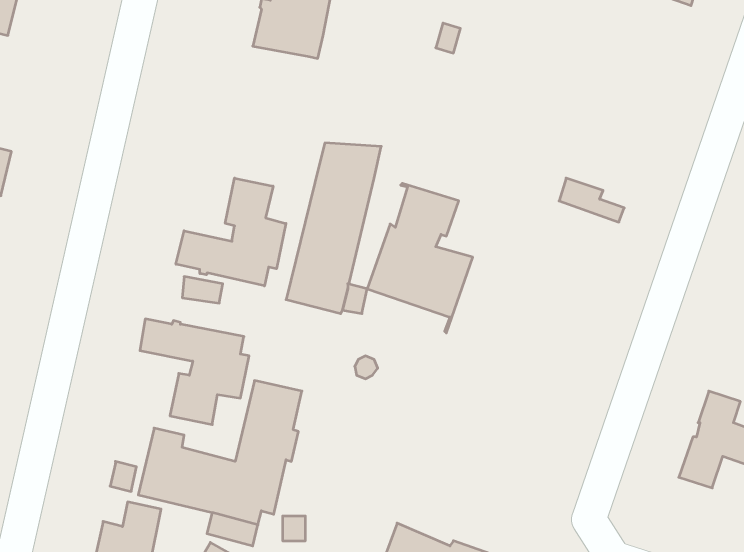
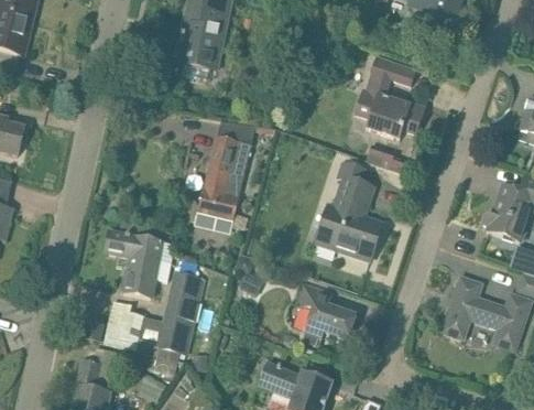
building: none -> [355,57,425,139]
building: [176,178,286,286] -> none
building: [367,183,473,333] -> [316,175,382,269]
building: none -> [296,282,356,339]

